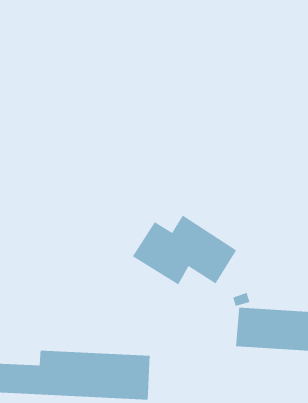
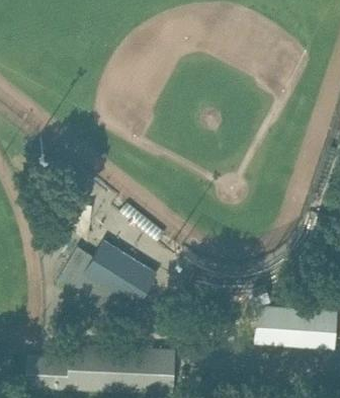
building: [132,215,237,287] -> [57,240,156,308]

